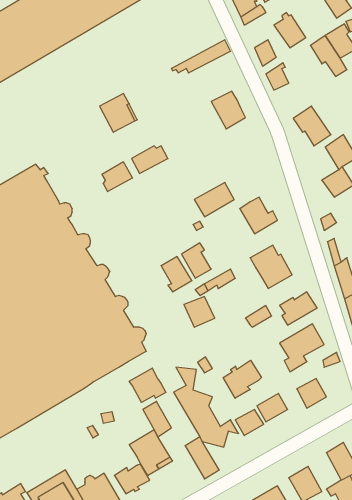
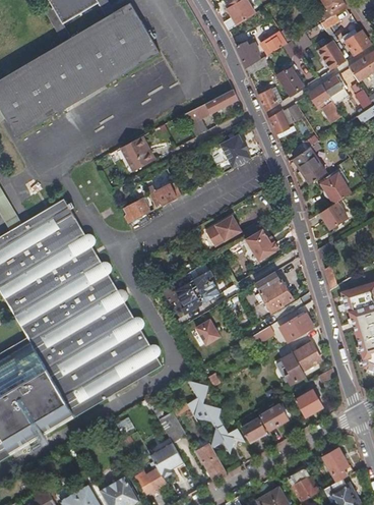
building: [223,360,261,398] -> none
building: [129,368,166,402] -> none

